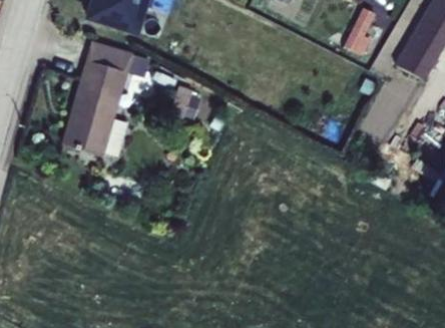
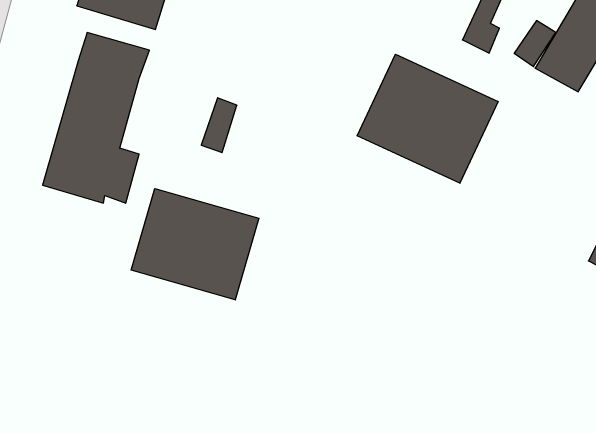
building: none -> [357,54,498,183]
building: none -> [131,189,259,300]

